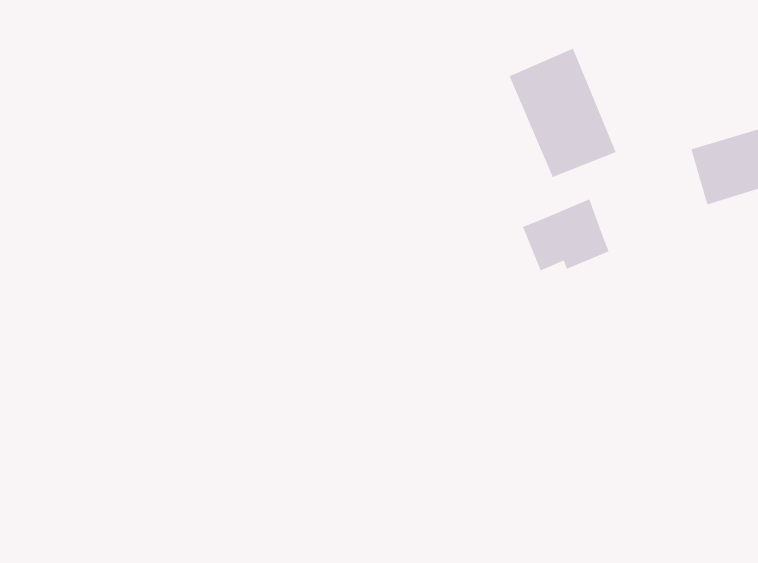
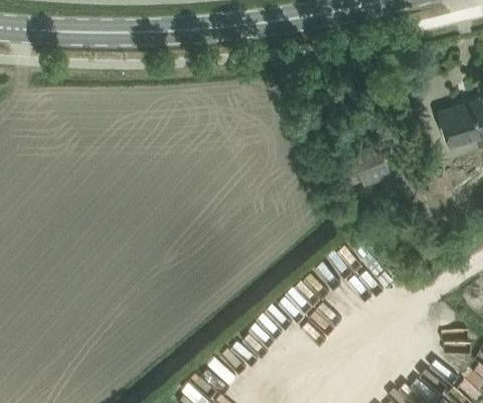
building: [509,48,617,178] -> none

